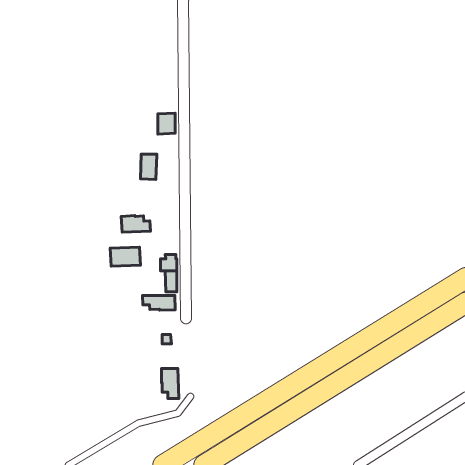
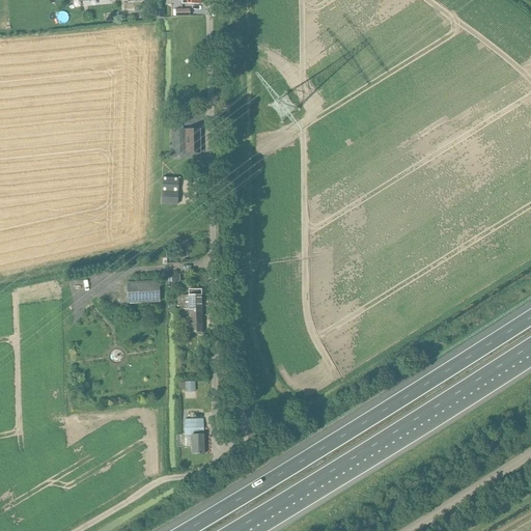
building: [121,216,151,232] -> none
building: [142,295,175,310] -> none

